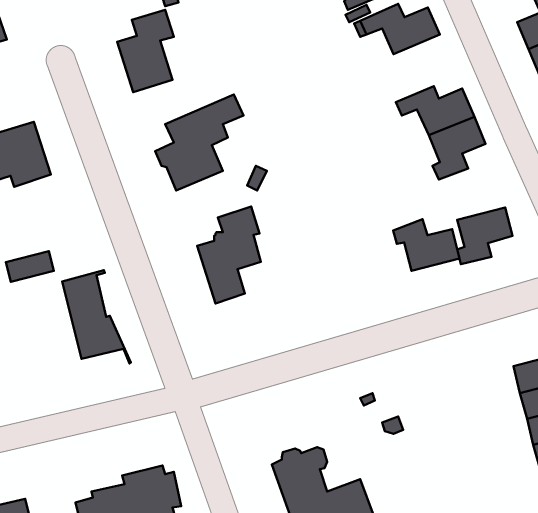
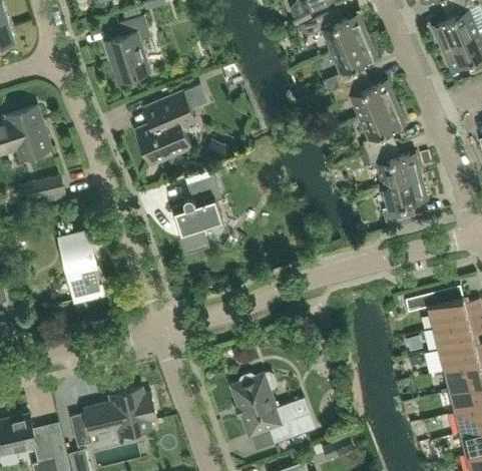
building: none -> [323,36,377,92]
building: [393,219,459,271] -> [367,145,421,187]
building: [6,251,54,282] -> [25,176,64,201]

